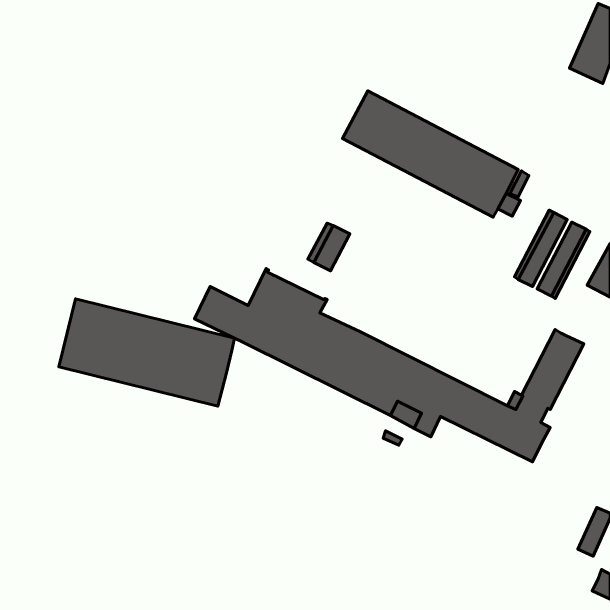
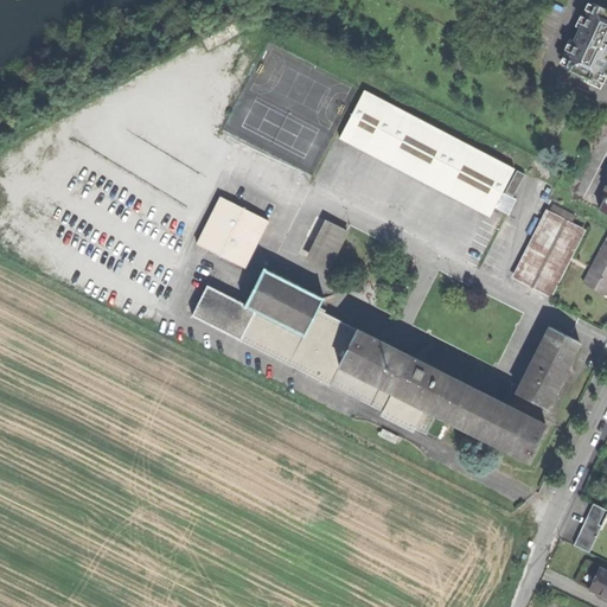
building: none -> [197,197,269,269]
building: [59,299,235,406] -> none

